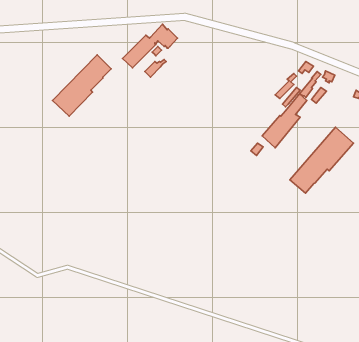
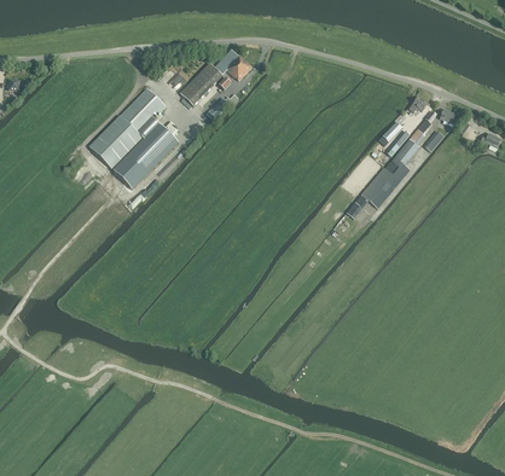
building: none -> [114,117,179,188]
building: [290,127,353,193] -> none

